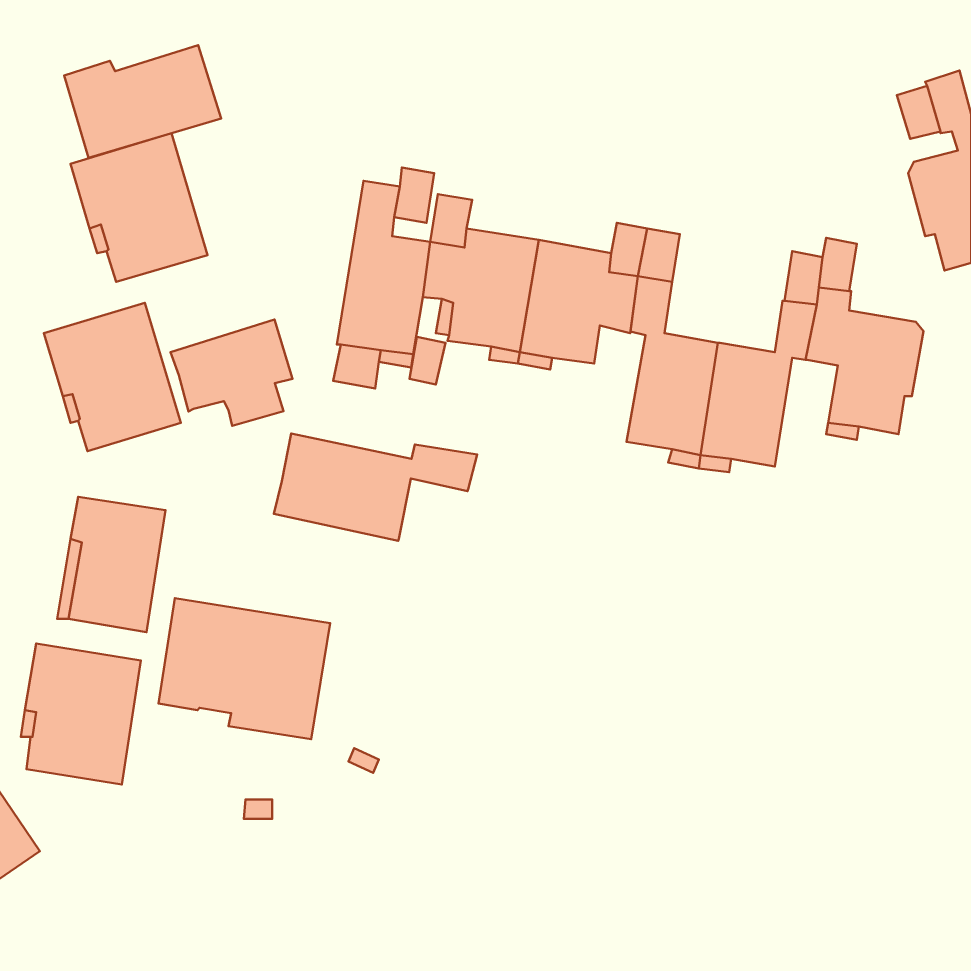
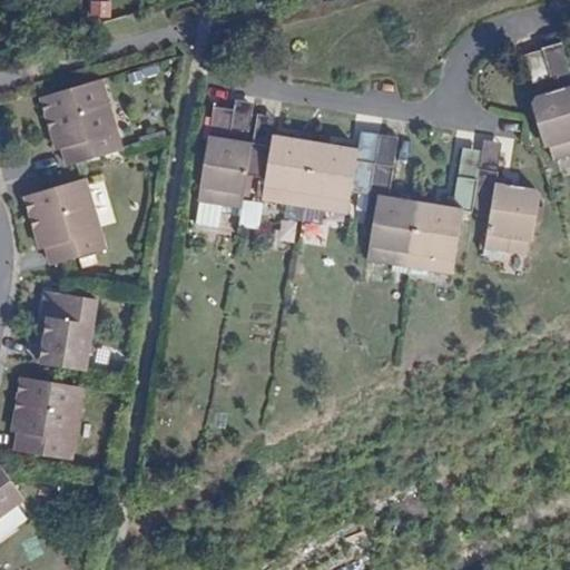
building: [64,45,221,158] -> none
building: [171,320,292,426] -> none
building: [274,433,477,541] -> none
building: [158,598,330,739] -> none

